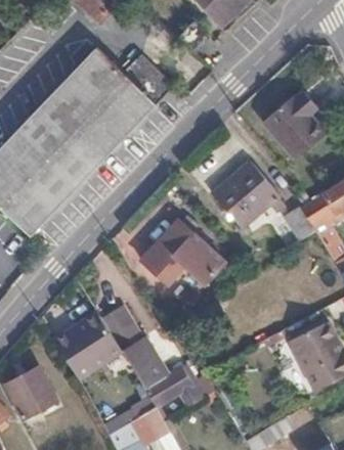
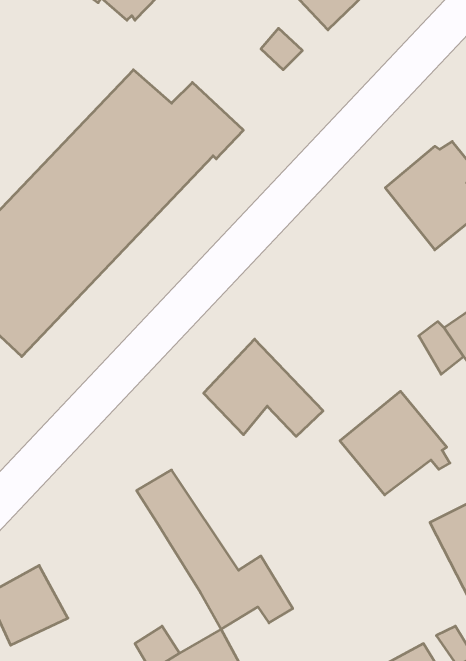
building: [212,163,283,229] -> [340,391,450,495]
building: [52,311,121,377] -> none

